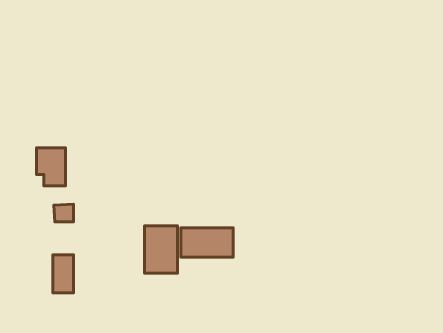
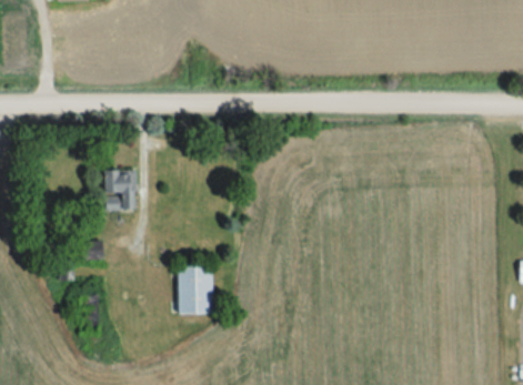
building: [37,148,66,186] -> [107,169,138,210]
building: [181,228,233,257] -> none

